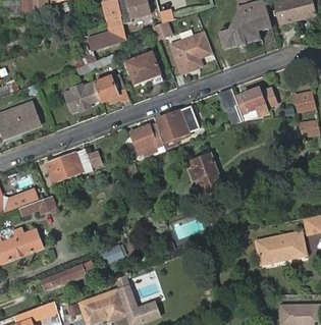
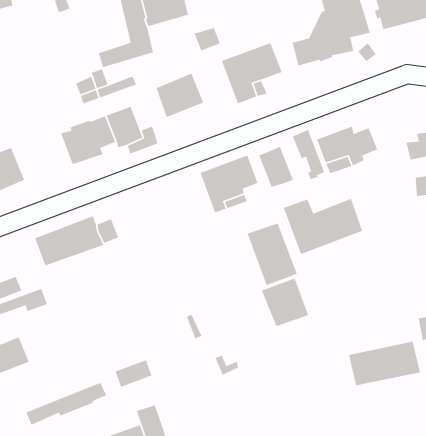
building: none -> [258,146,294,188]
building: [129,122,165,155] -> none
building: none -> [283,198,363,255]
building: none -> [261,278,309,327]

